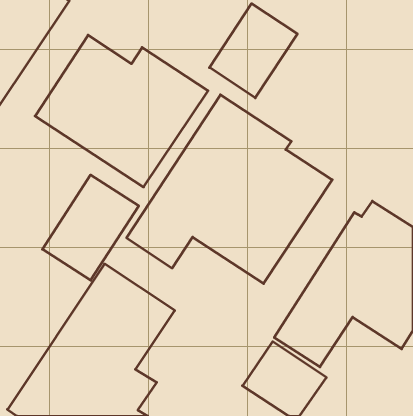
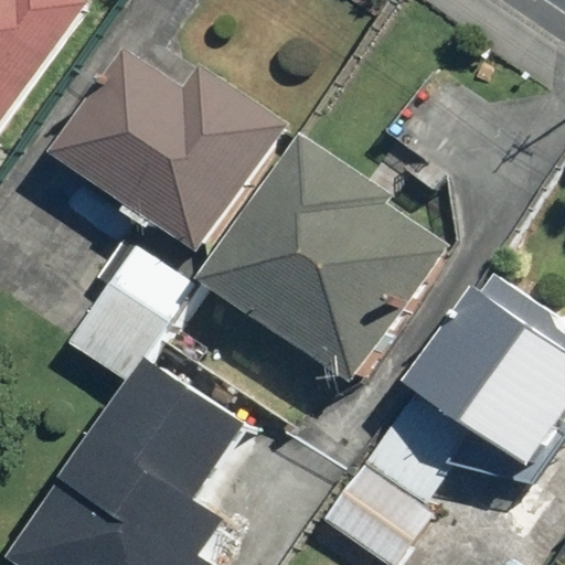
building: [209,4,297,98] -> none

